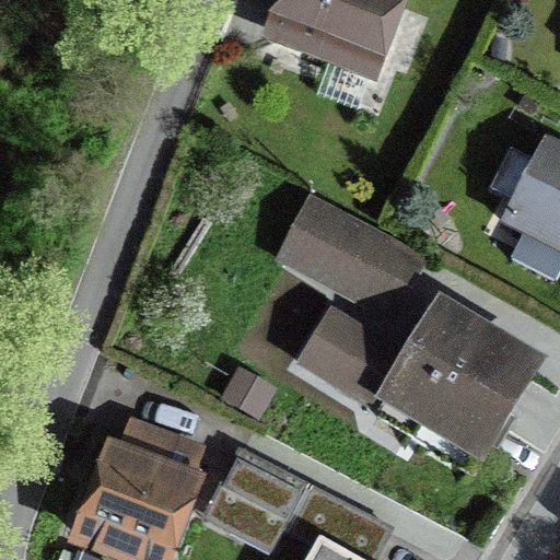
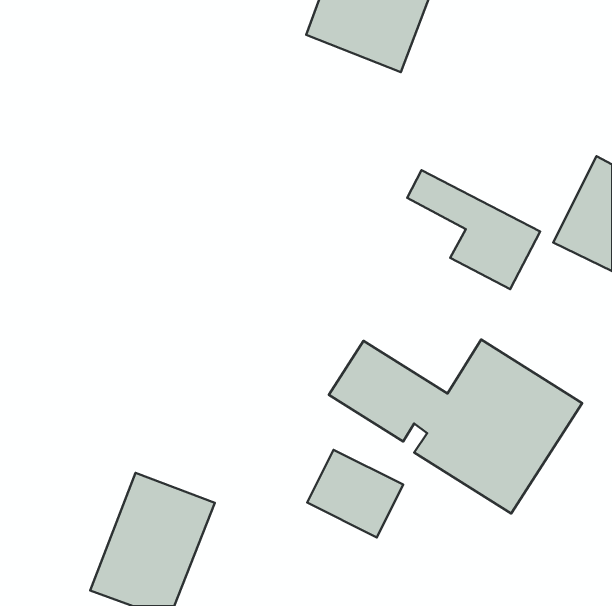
building: [296,201,418,310] -> [407,170,540,289]
building: [217,447,304,527] -> [307,450,403,537]

